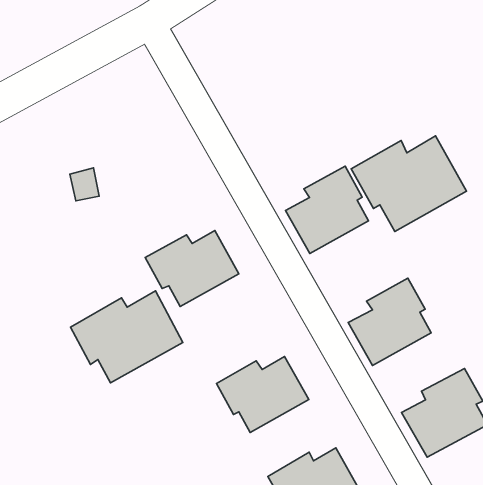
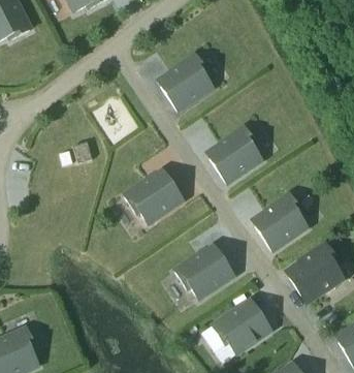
building: none -> [160,53,212,110]
building: [351,136,467,231] -> none
building: [70,291,183,383] -> none

